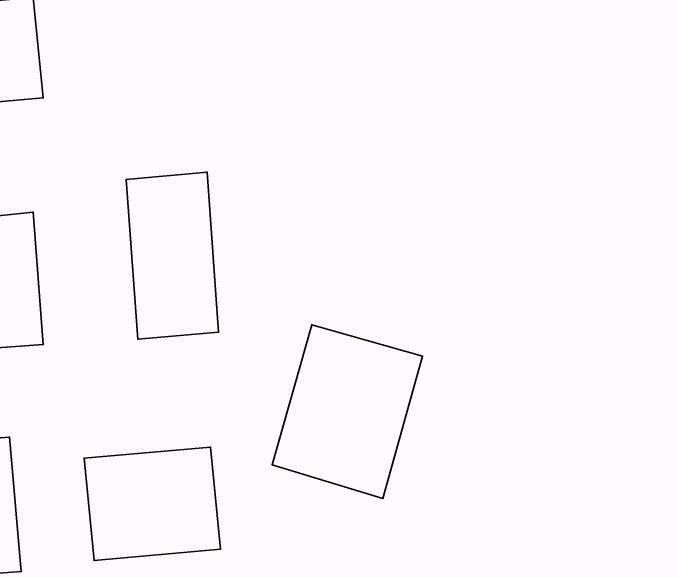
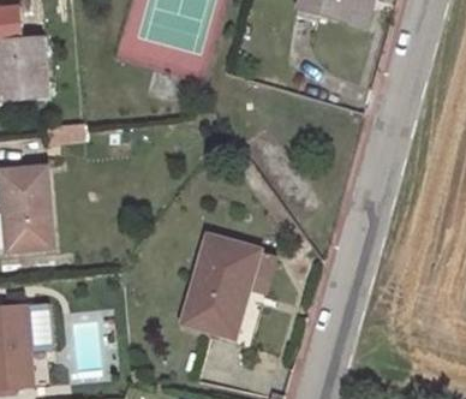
building: [126,172,219,339] -> none
building: [84,447,220,560] -> none

